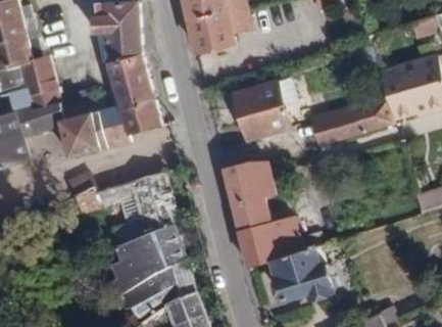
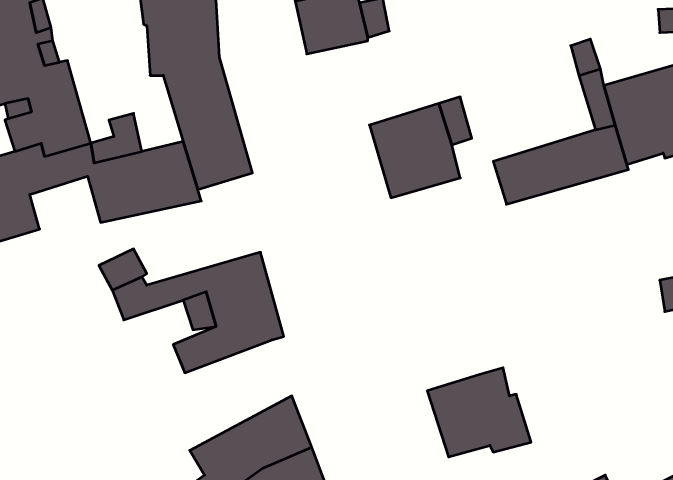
building: [222,159,301,266] -> none
building: [107,227,185,300] -> none

